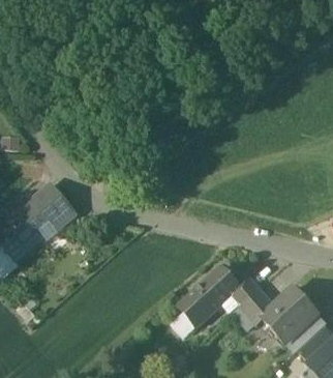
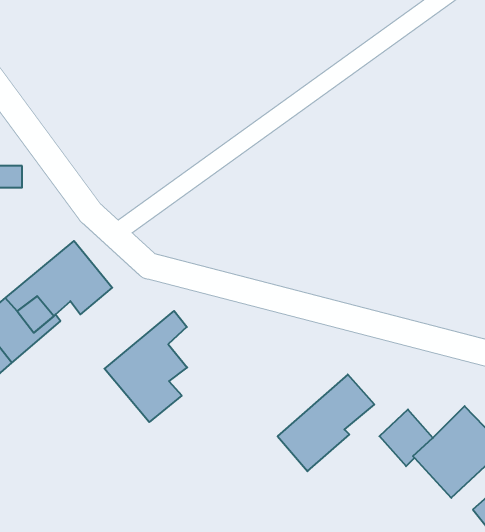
building: none -> [104,311,187,422]
building: [221,275,260,312] -> none

